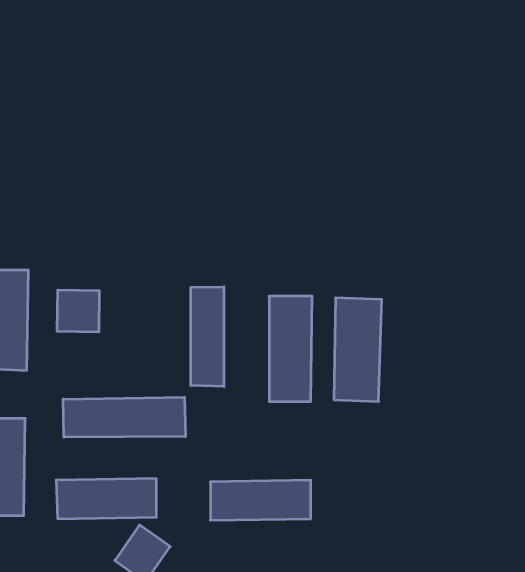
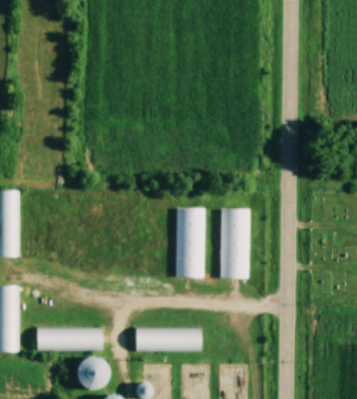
building: [191,287,224,387] -> none
building: [57,290,99,332] -> none
building: [63,397,185,437] -> none

